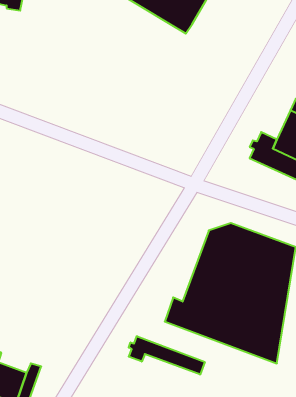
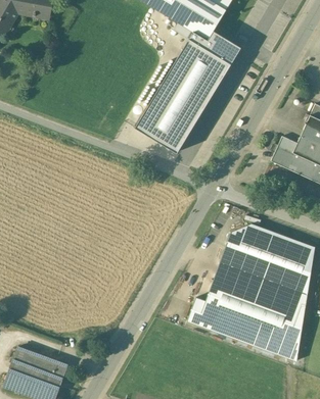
building: none -> [134,31,240,153]
building: [129,336,205,375] -> none

